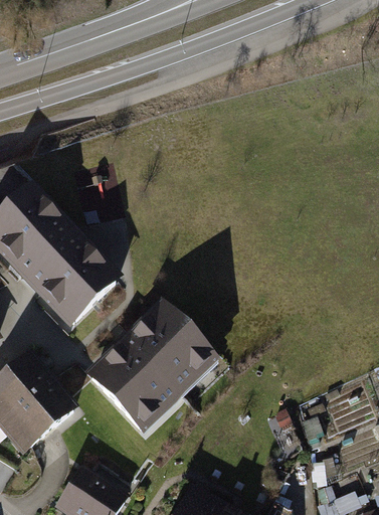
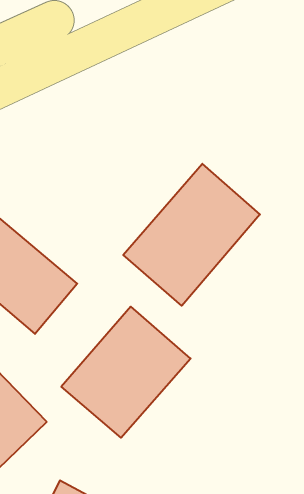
building: none -> [123,164,260,306]

